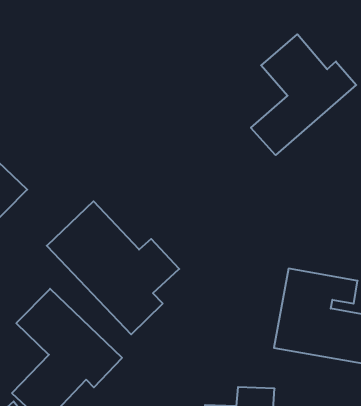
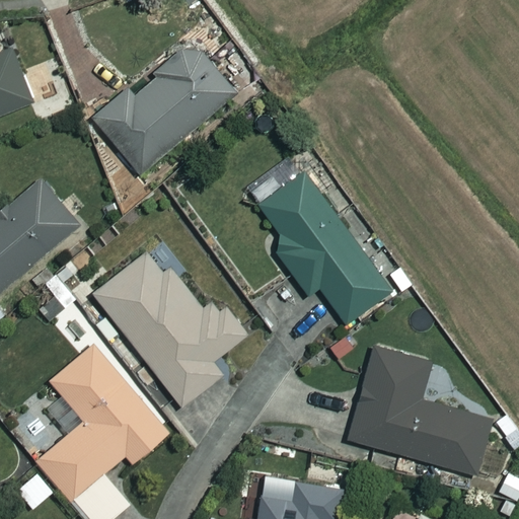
building: none -> [93,44,235,172]
building: [251,34,356,155] -> none
building: none -> [247,162,391,325]

